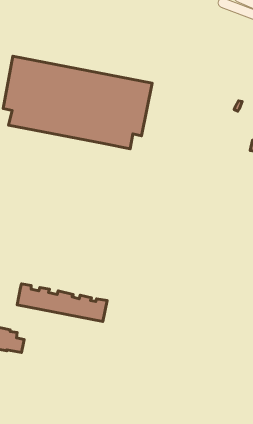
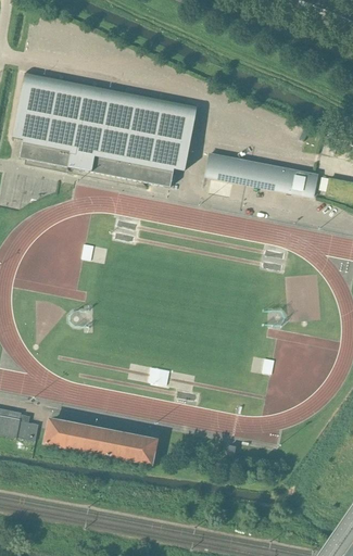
building: none -> [205,153,317,197]
building: [17,284,107,321] -> [45,416,156,463]

